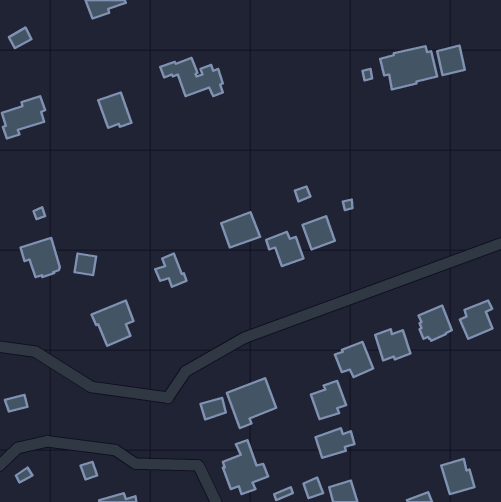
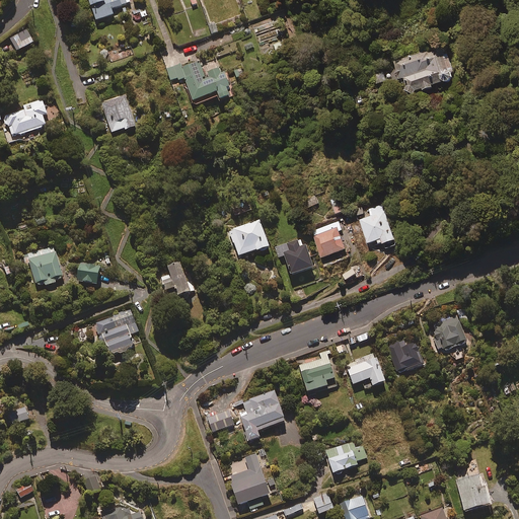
building: [437,46,465,75] -> none
building: none -> [359,204,397,248]
building: [460,300,493,339] -> none
building: [311,381,346,419] -> [298,352,335,391]

